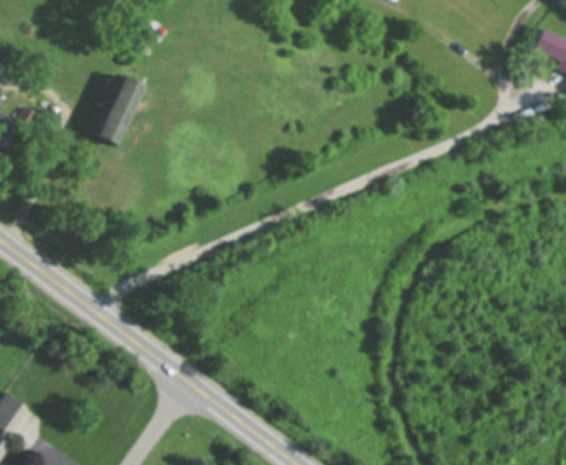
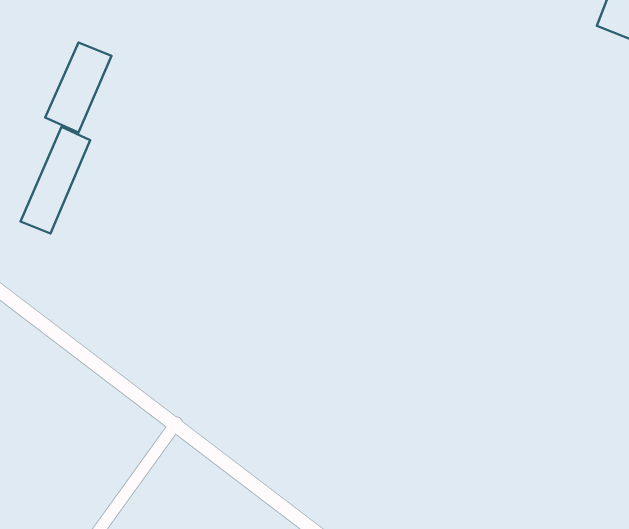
building: none -> [21,127,90,233]

